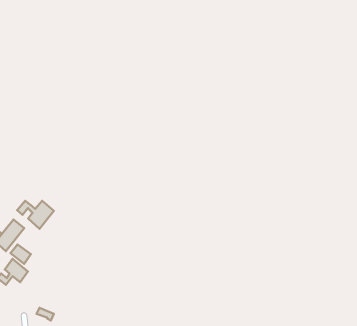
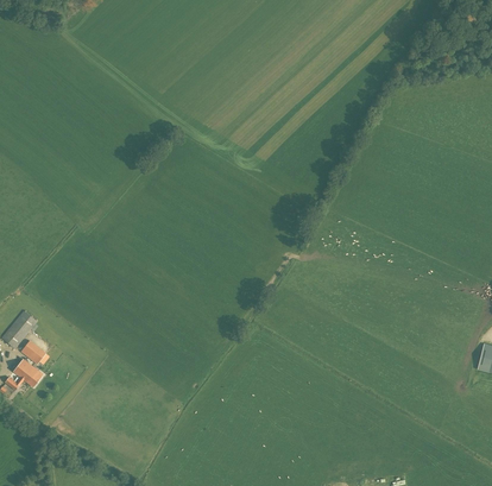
building: [17,201,54,229] -> none

